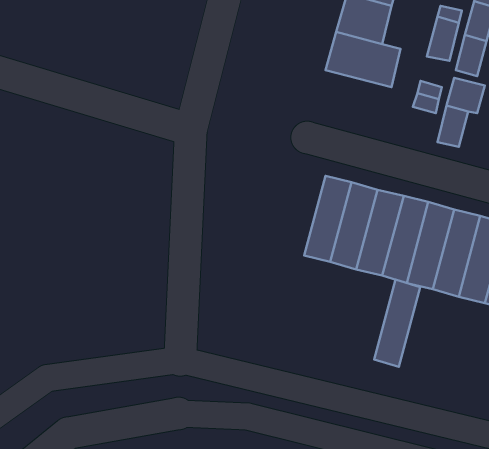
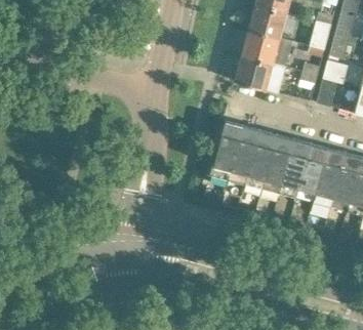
building: none -> [235,53,286,91]
building: [374,280,420,367] -> [211,119,242,177]

